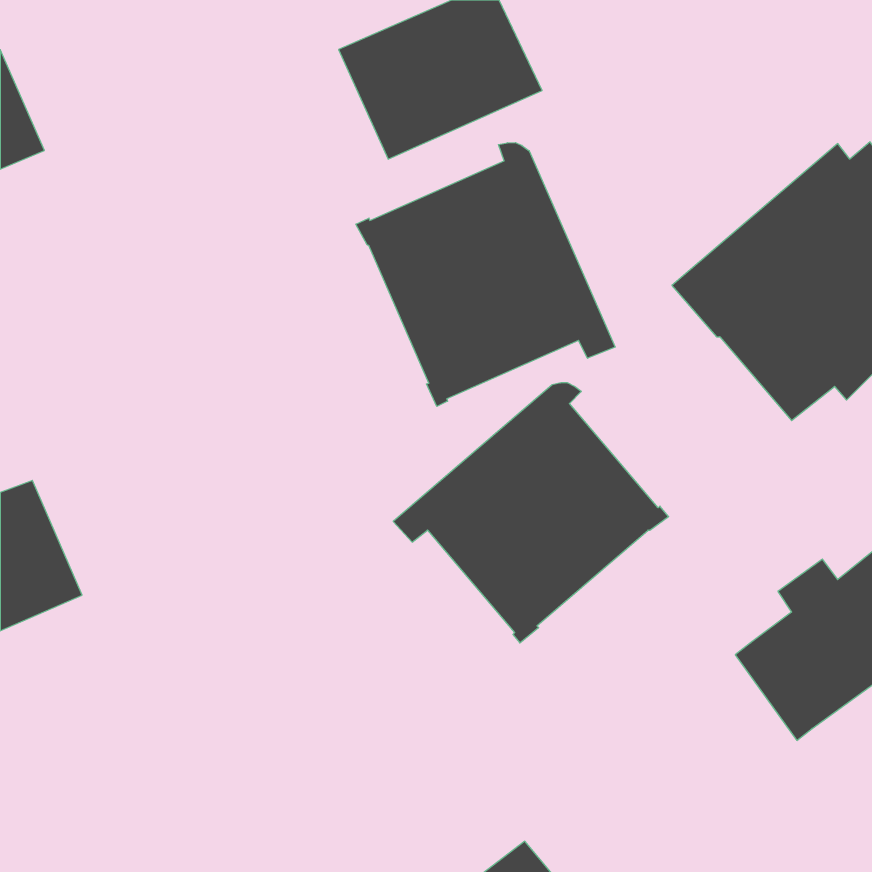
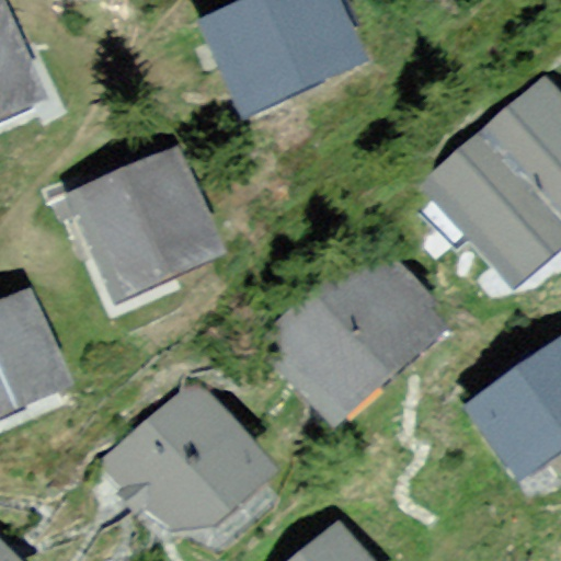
building: [356,143,615,406] -> none
building: none -> [55,164,208,290]
building: none -> [112,393,259,523]

